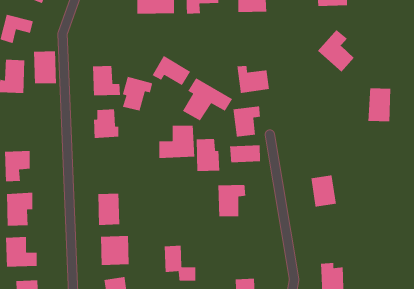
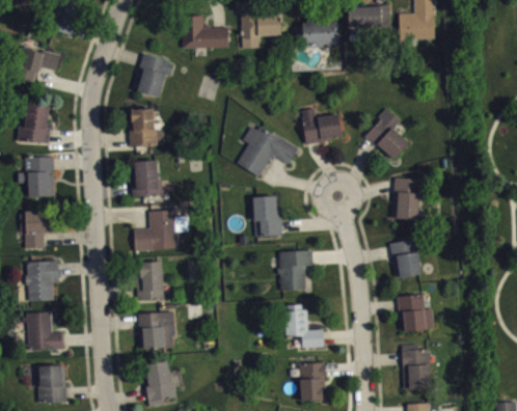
building: [317,29,355,73] -> [364,108,409,160]
building: [33,50,57,84] -> [27,156,55,196]
building: [151,55,191,86] -> none
building: [122,76,153,111] -> [137,54,174,97]
building: [368,87,391,122] -> [392,177,420,219]
building: [233,106,261,137] -> none
building: [159,125,195,159] -> [134,210,178,250]
building: [229,145,261,163] -> none
building: none -> [398,294,433,330]
building: [164,245,196,281] -> [285,303,324,347]

